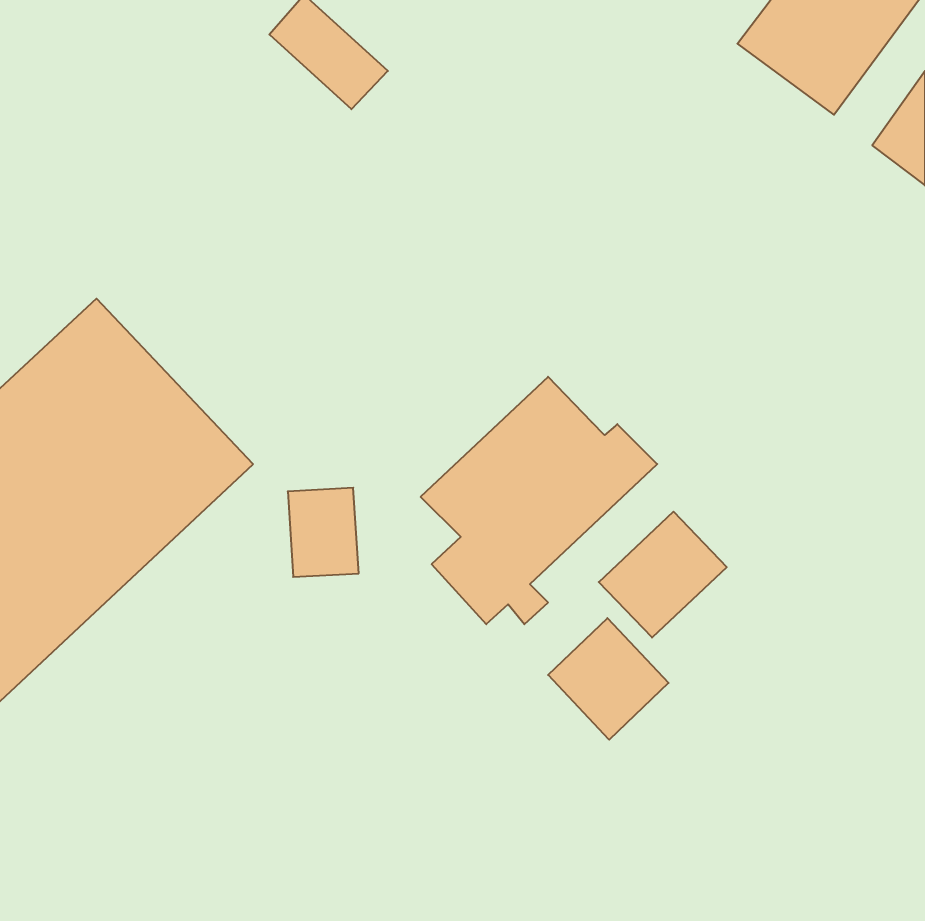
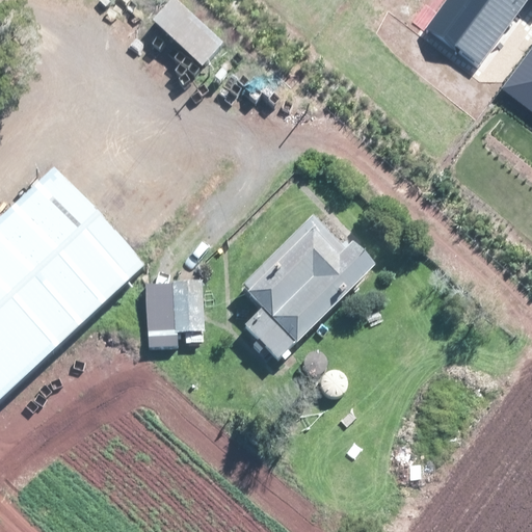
building: [599,512,727,638] -> none
building: [548,618,669,740] -> none

